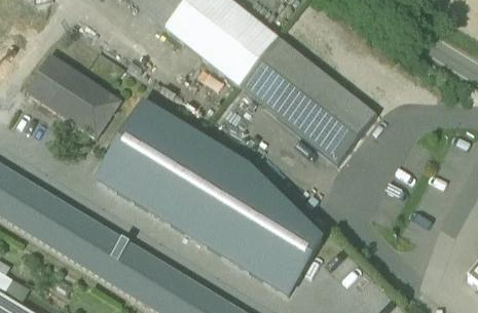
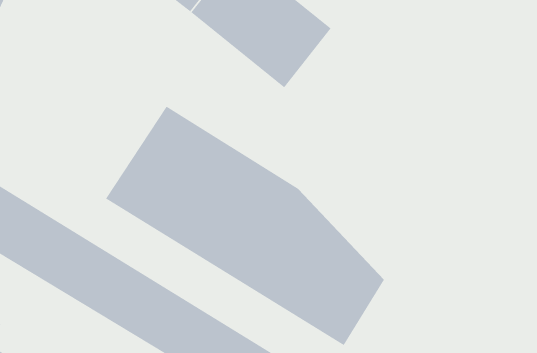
building: [241,39,376,164] -> none
building: [27,54,121,138] -> none

